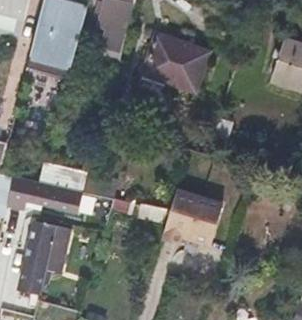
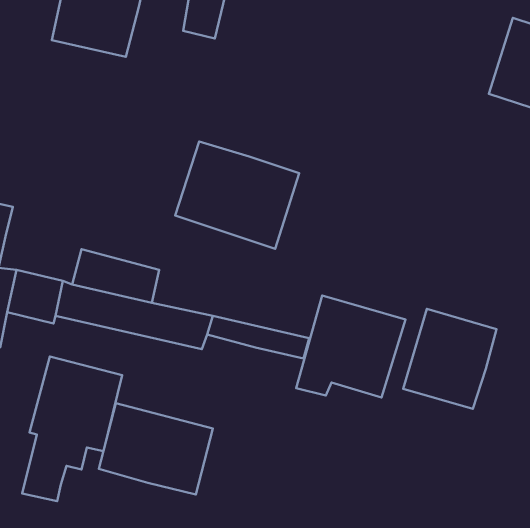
building: [145,35,212,93] -> [175,142,299,249]
building: none -> [403,309,497,409]
building: none -> [99,403,213,494]

